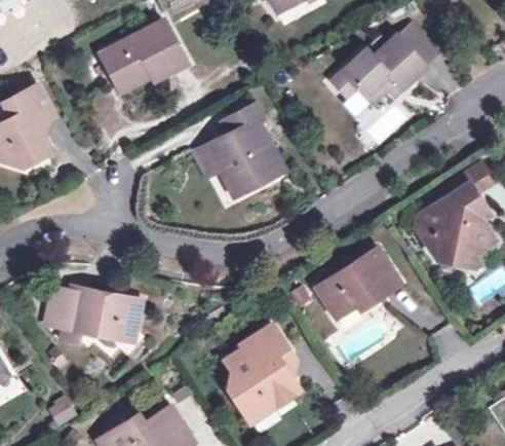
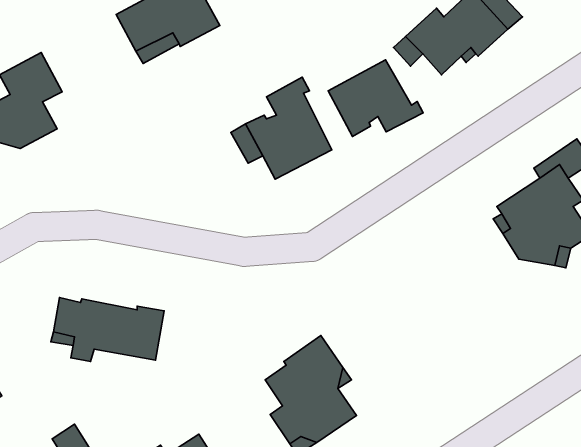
building: none -> [328,60,423,137]
building: [316,246,401,315] -> none

